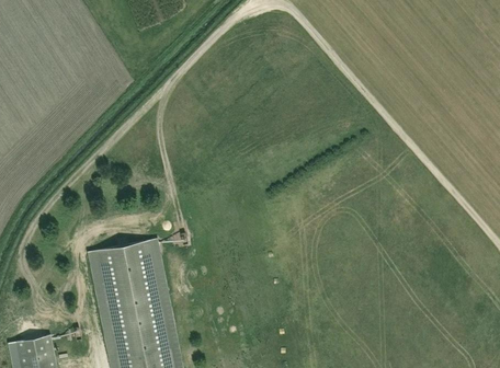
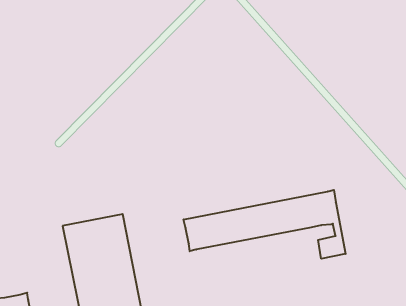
building: none -> [184,190,346,259]

